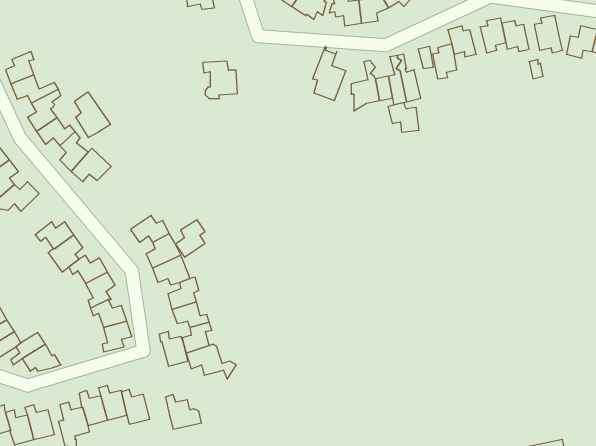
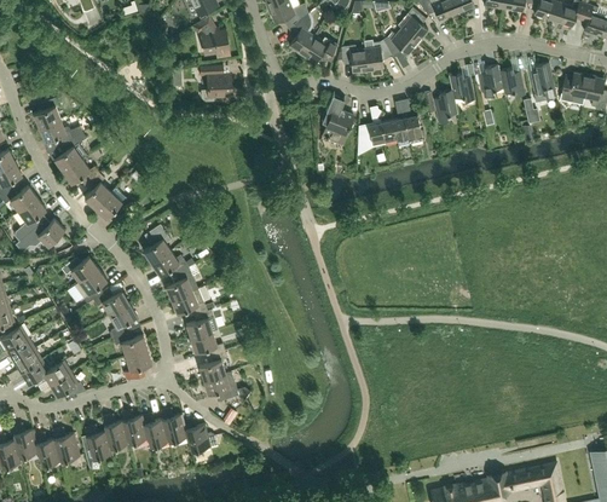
building: [203,61,237,99] -> [200,65,232,100]
building: [75,92,111,138] -> none
building: [388,103,419,132] -> none
building: [175,220,205,257] -> [143,229,170,264]
building: [159,331,188,366] -> [161,409,187,442]

